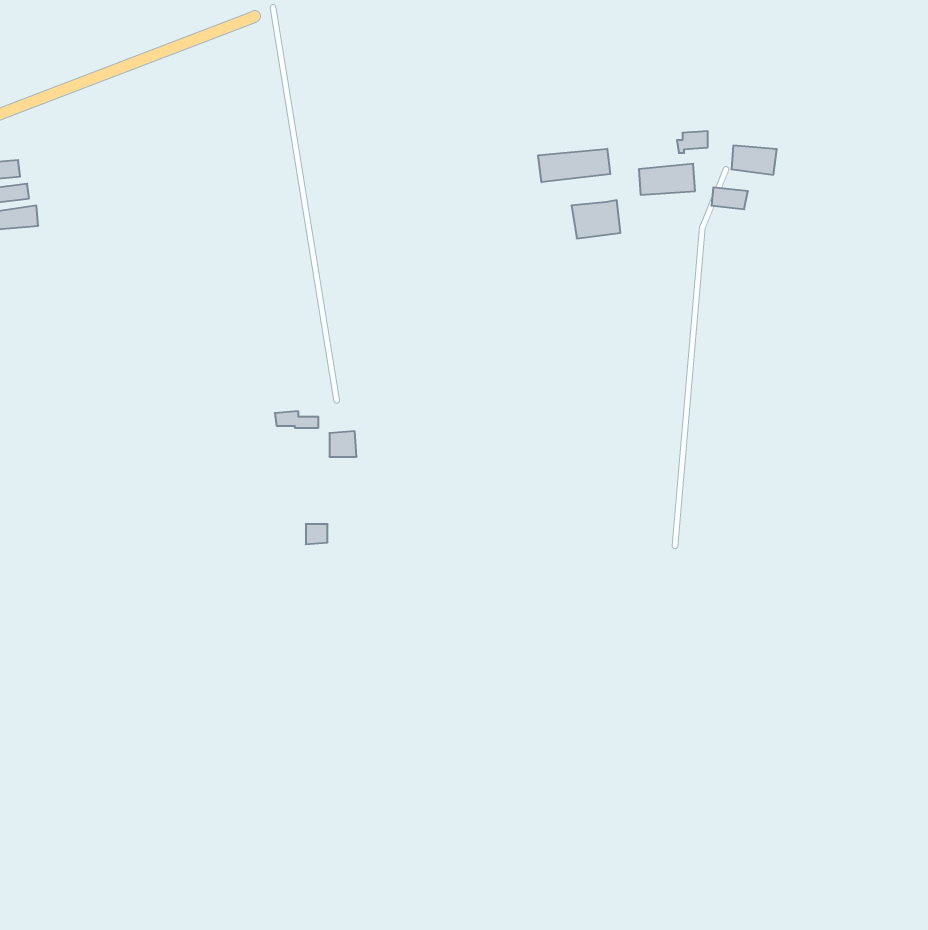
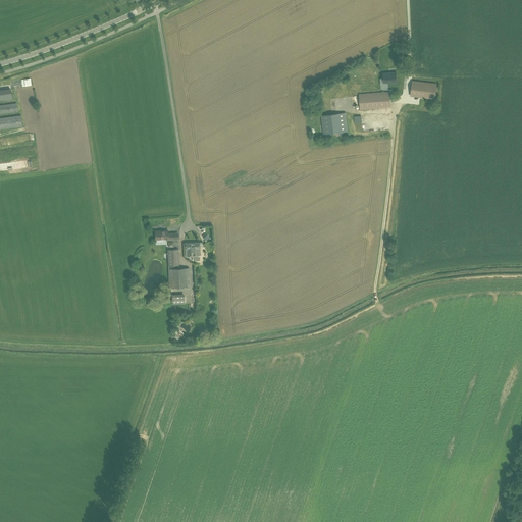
building: [538,149,610,182] -> none
building: none -> [166,249,189,288]

